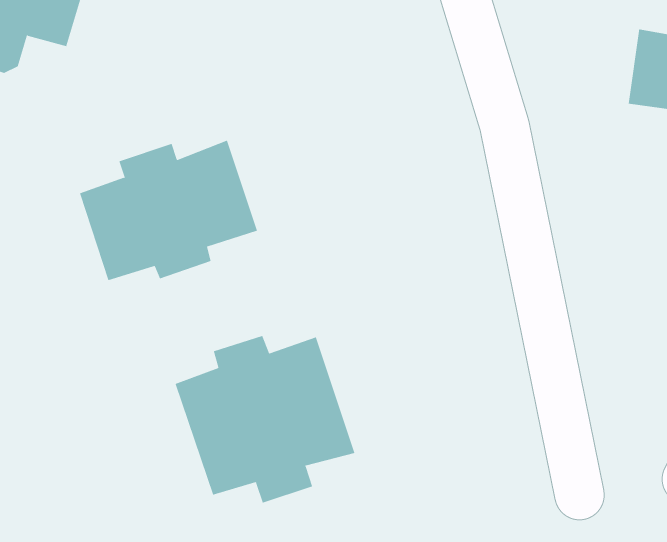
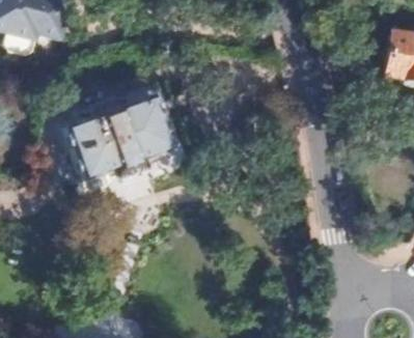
building: [175,335,355,504] -> none

